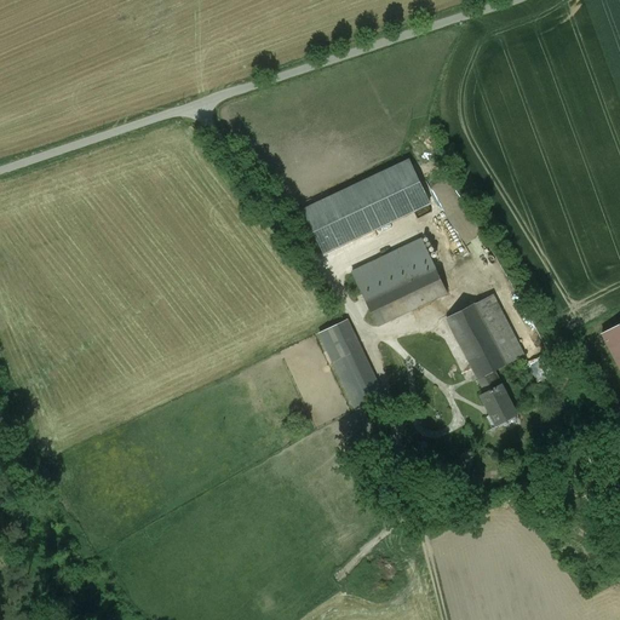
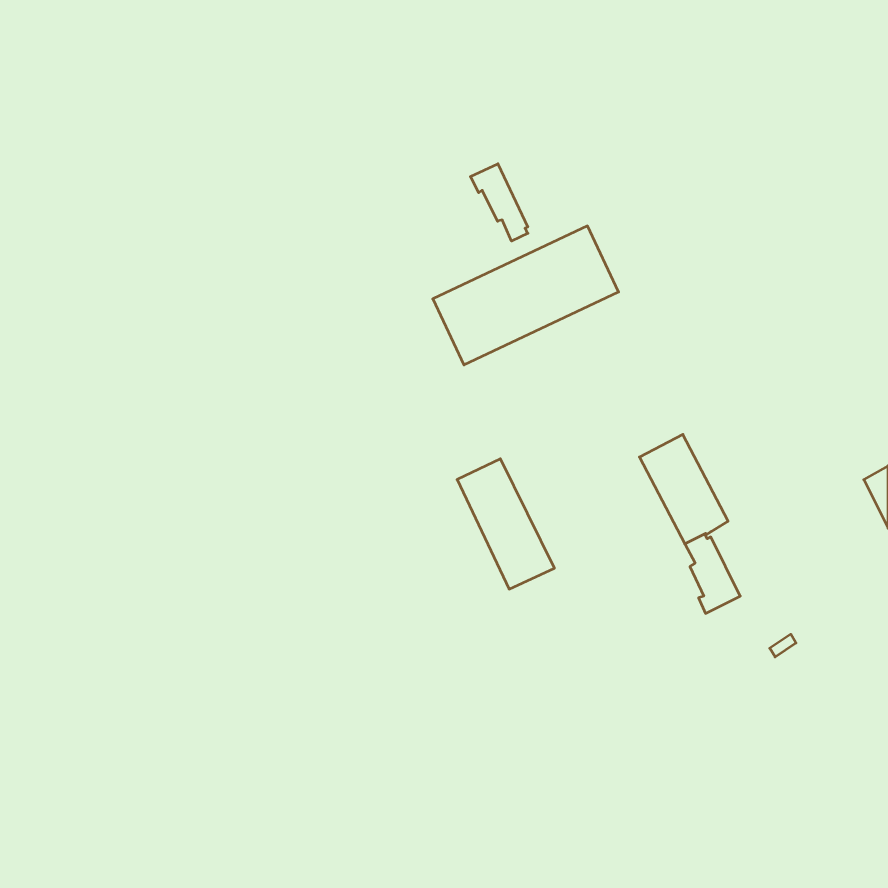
building: none -> [470,164,528,241]
building: [351,239,447,326] -> none
building: [476,295,523,363] -> none

